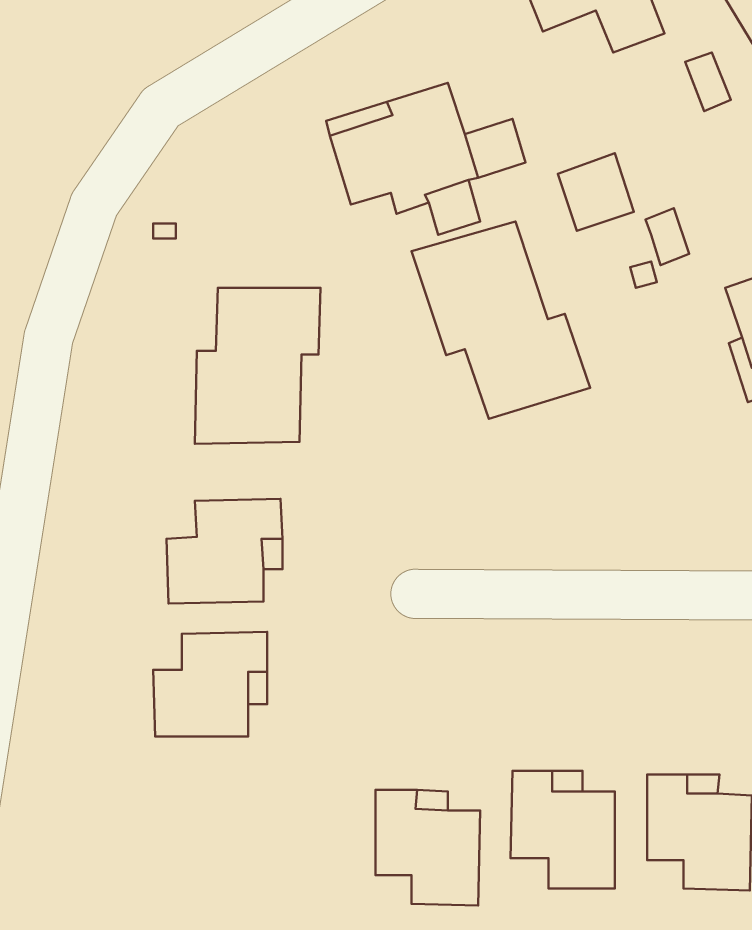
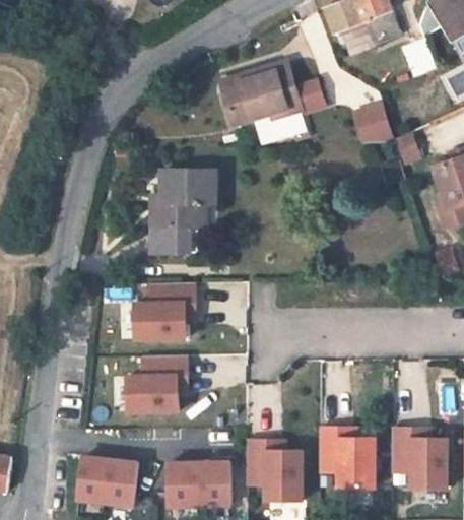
building: [412,222,590,419] -> none
building: none -> [78,454,138,502]
building: none -> [168,462,230,504]

